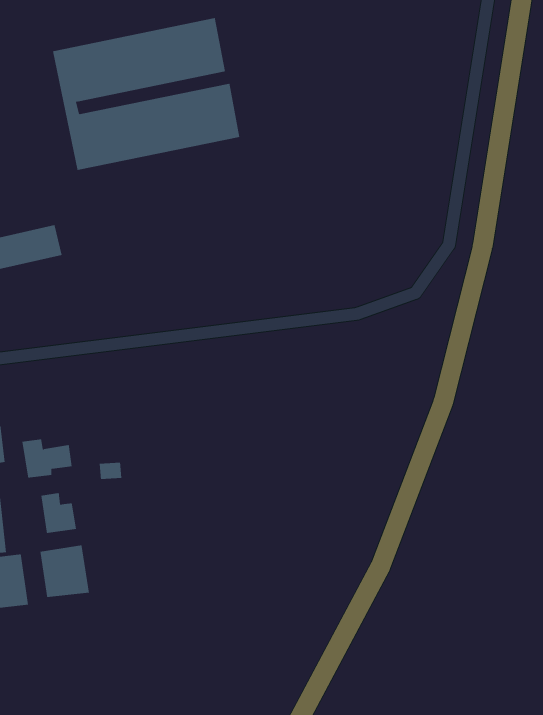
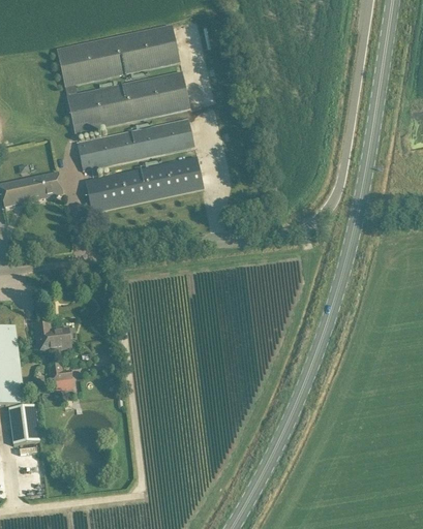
building: none -> [77,119,194,170]
building: none -> [85,156,203,212]
building: [40,544,89,598] -> none

